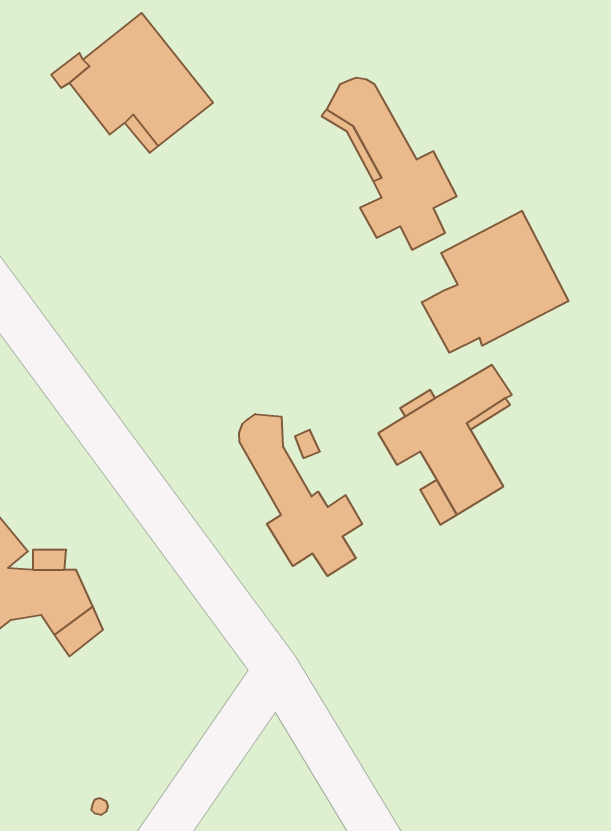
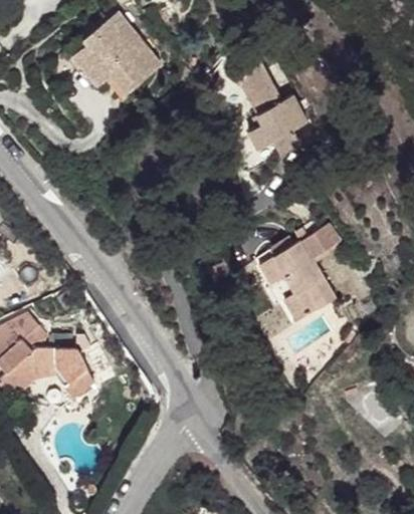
building: [422,211,569,353] -> none
building: [239,414,362,576] -> none

